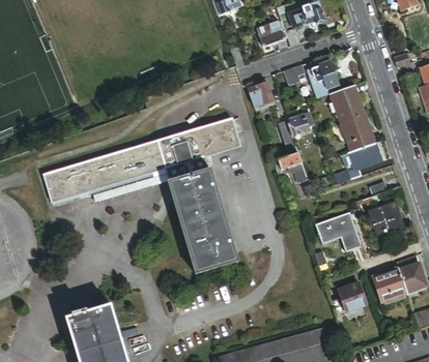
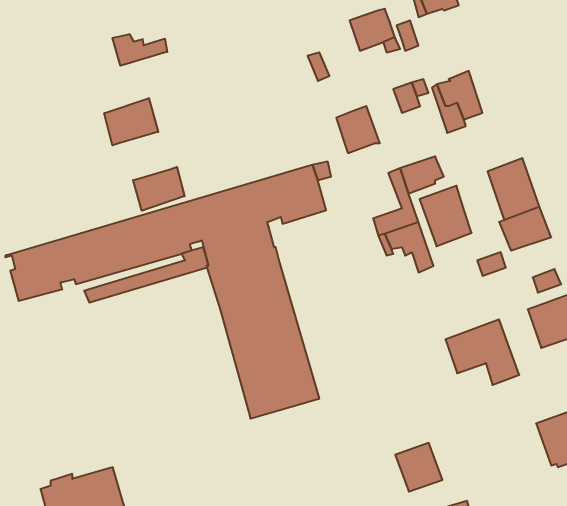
building: none -> [112,34,167,66]
building: none -> [104,98,158,145]
building: [332,84,364,121] -> [420,186,472,246]
building: none -> [133,167,185,211]
building: [339,283,368,313] -> [395,443,442,492]

